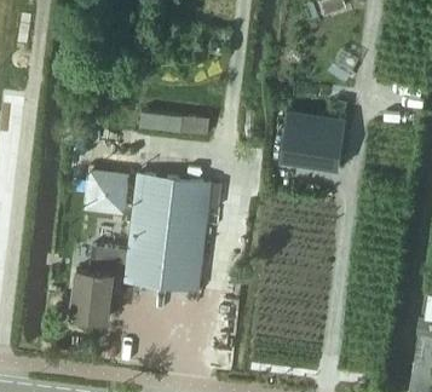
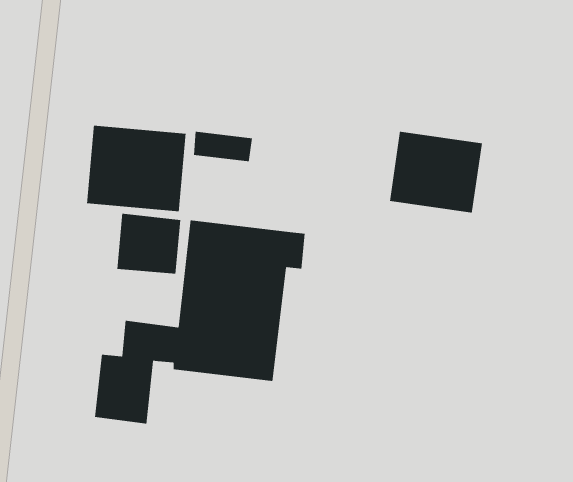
building: none -> [86,125,186,212]

